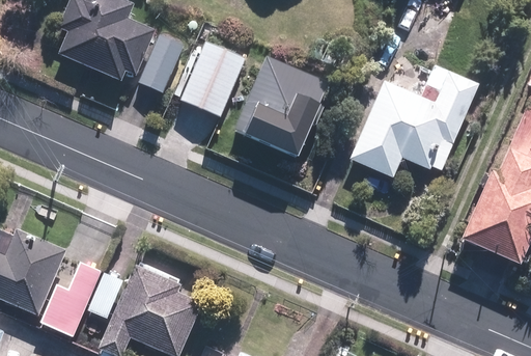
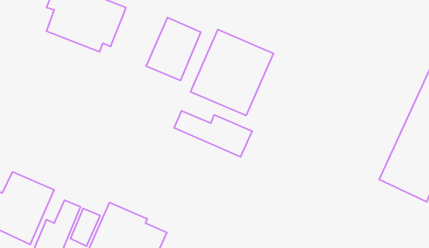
building: [138,33,184,91] -> none
building: [351,64,480,177] -> none
building: none -> [174,111,252,157]

